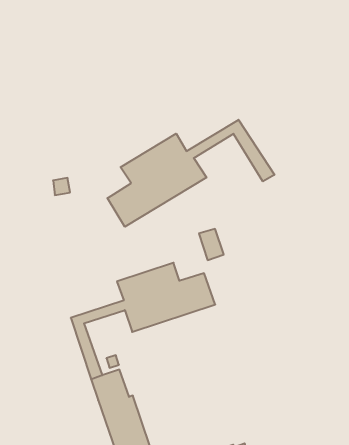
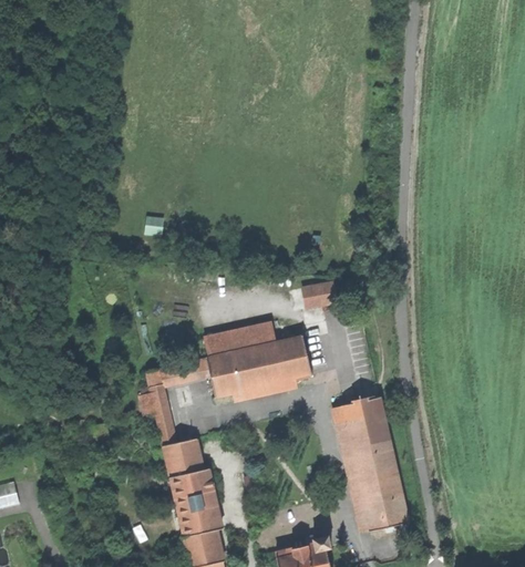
building: [107,120,274,227] -> none
building: none -> [341,396,408,532]

